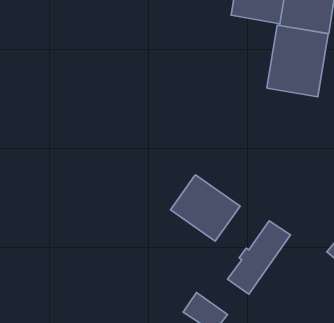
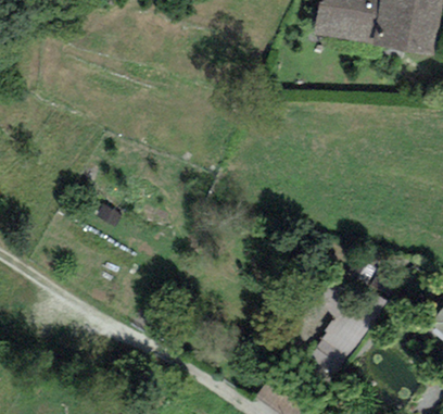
building: [267,25,328,97] -> none
building: [171,175,240,241] -> none

